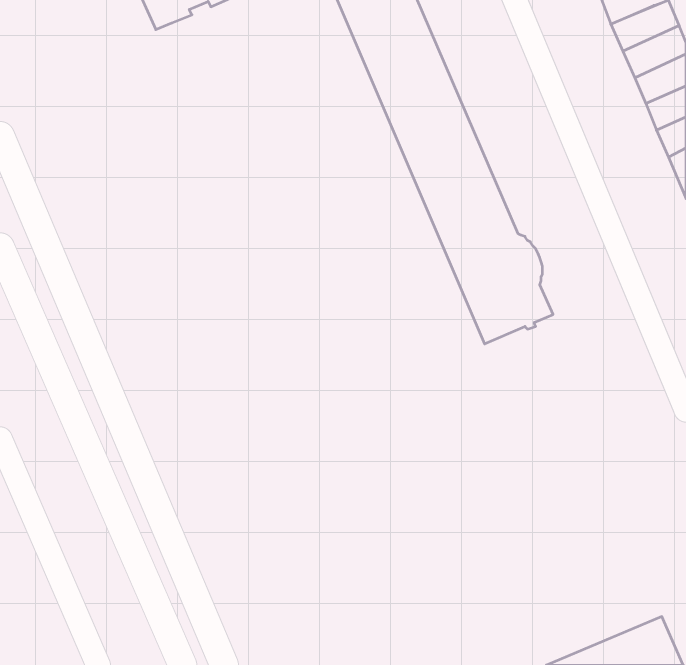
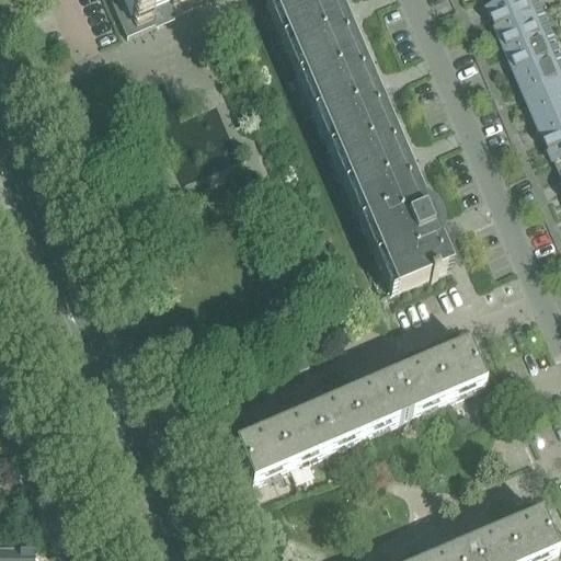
building: none -> [236,334,484,473]

